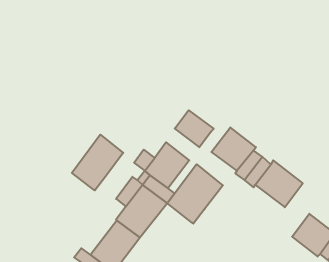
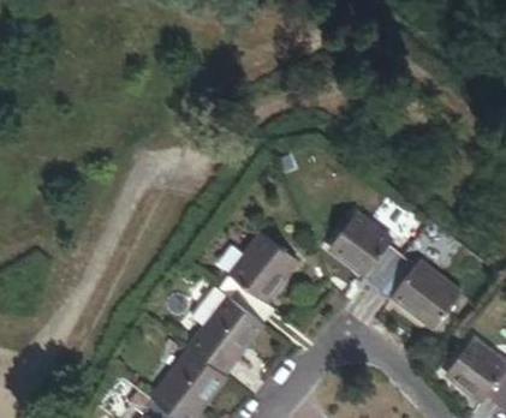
building: [175,110,214,147] -> none
building: [72,135,123,190] -> none
building: [167,164,223,224] -> none

